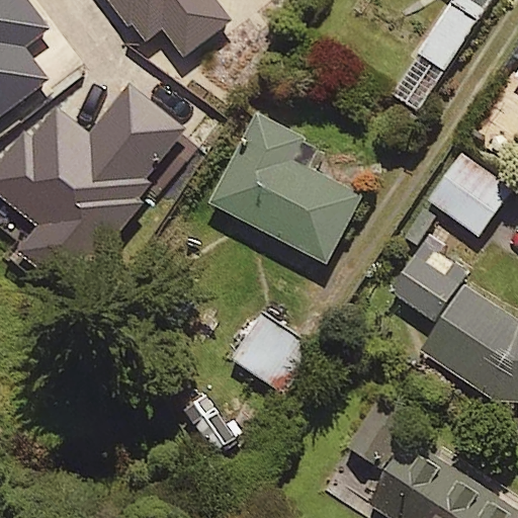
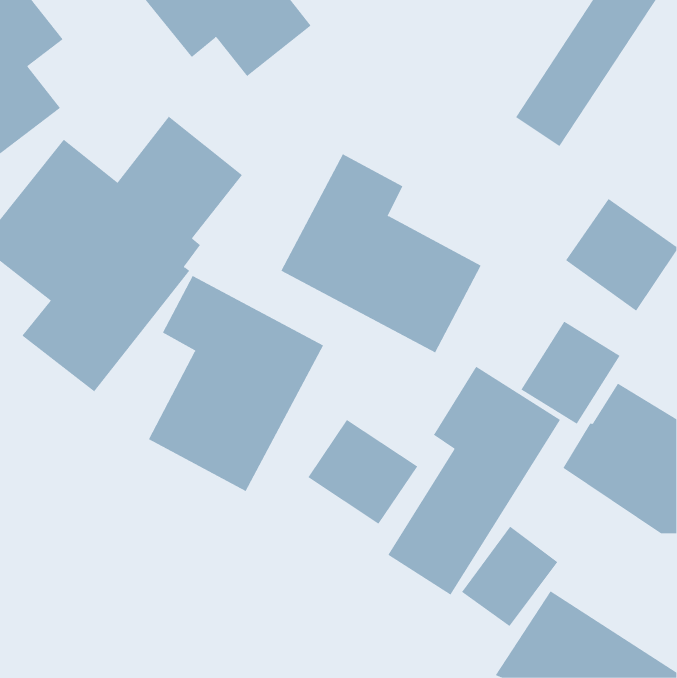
building: none -> [148,275,324,492]
building: none -> [388,366,561,595]

